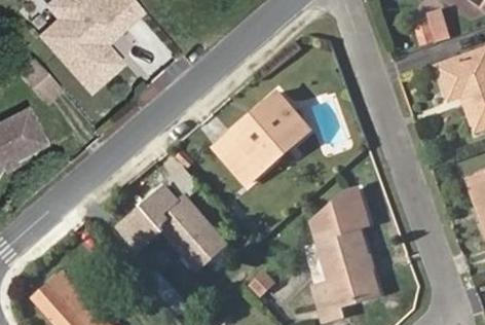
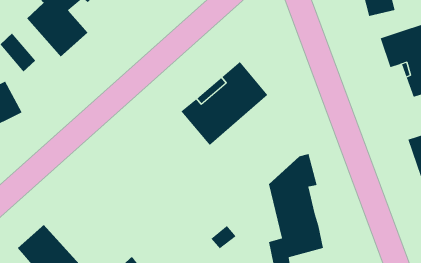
building: [122,183,228,266] -> none

